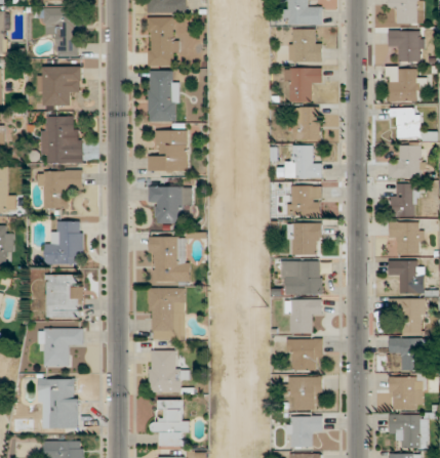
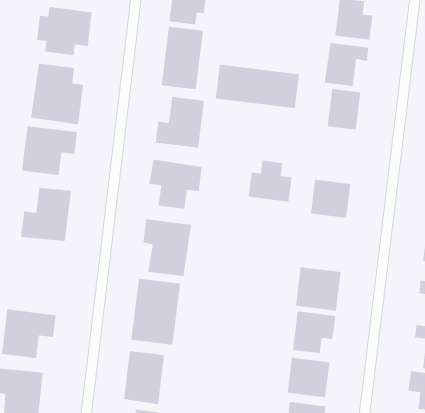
building: none -> [215,64,300,109]
building: [285,145,321,178] -> [248,160,292,202]
building: [288,223,321,255] -> none
building: [45,275,82,319] -> none

